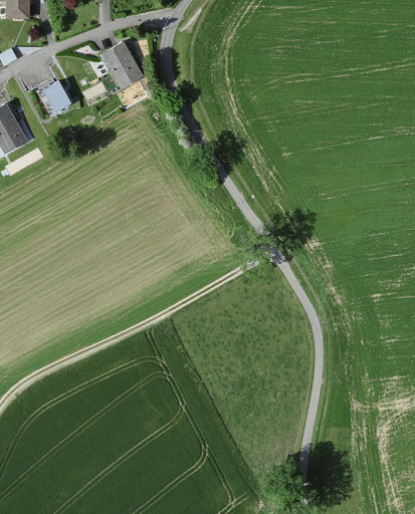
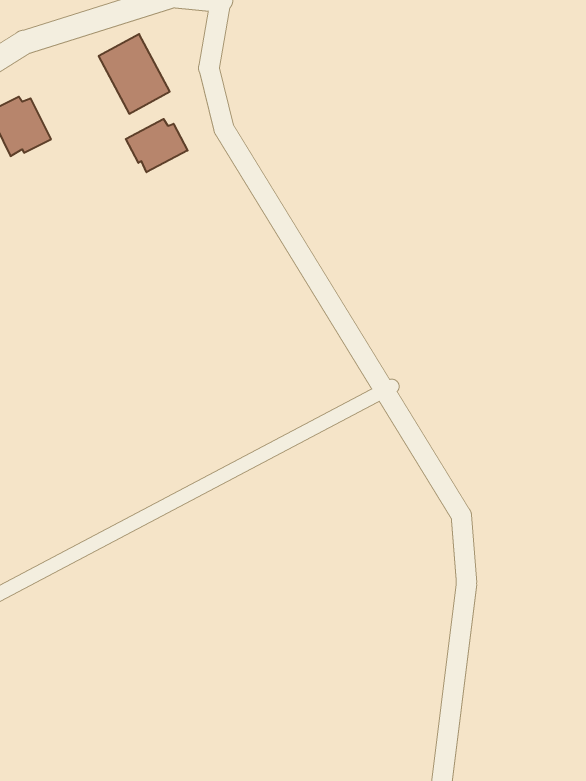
building: none -> [126,119,188,172]

